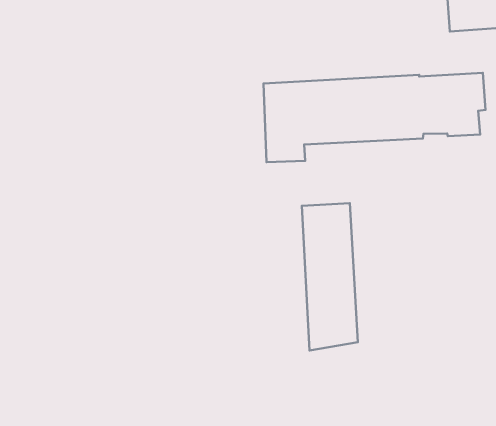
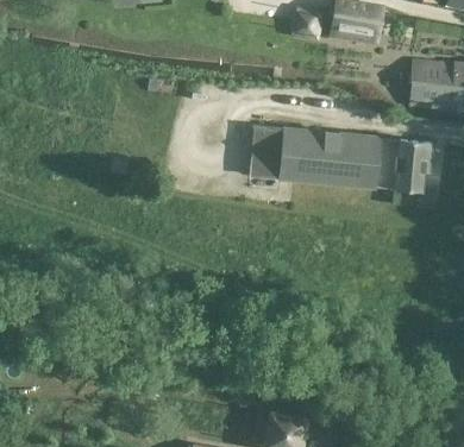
building: [302,203,358,351] -> none

